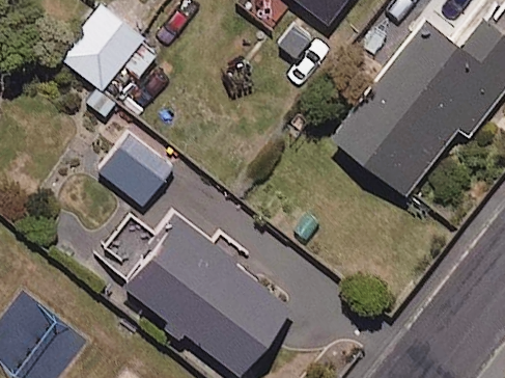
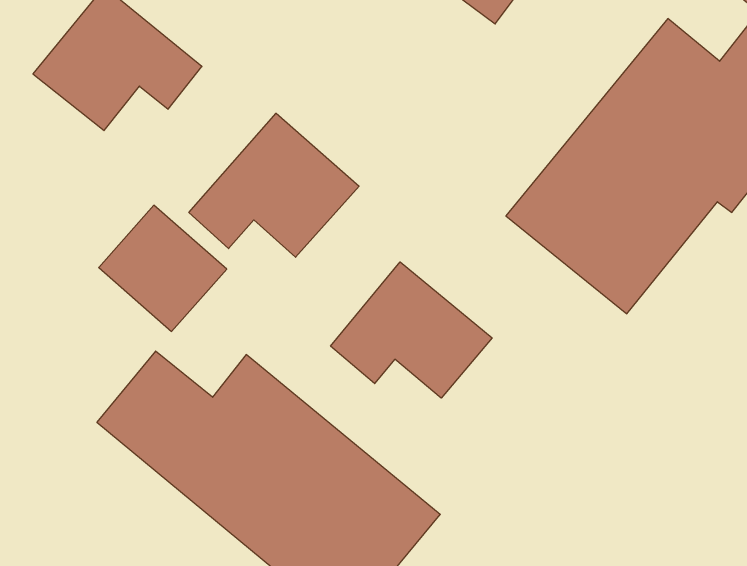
building: none -> [189,113,359,257]
building: none -> [331,262,492,398]

